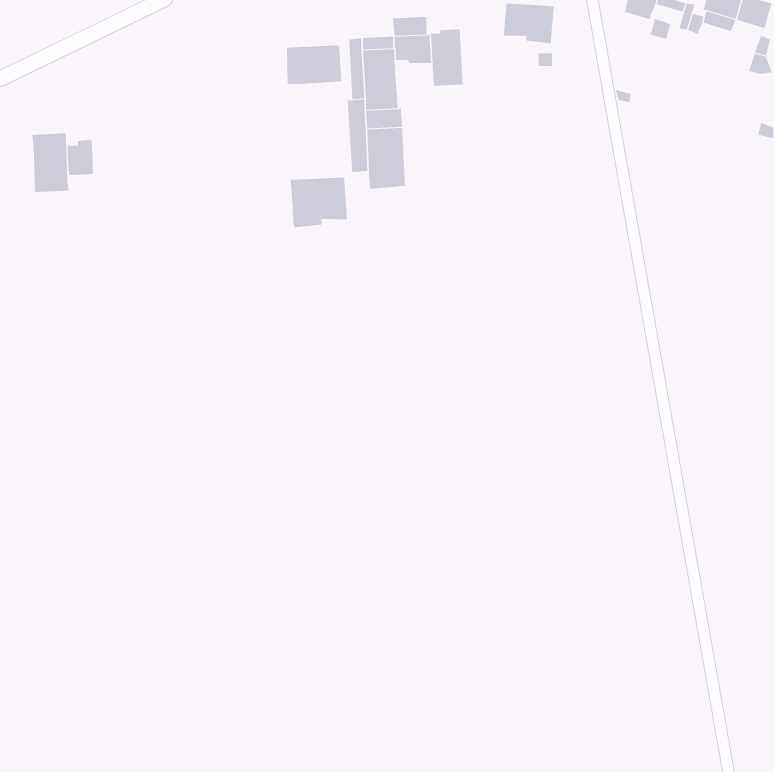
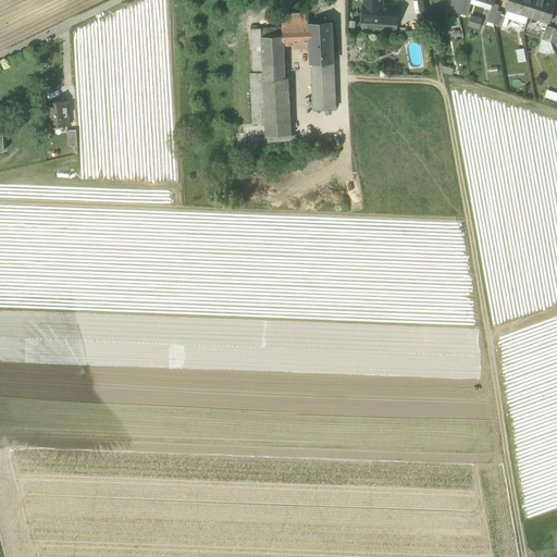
building: [286,45,342,85] -> none
building: none -> [311,61,335,110]
building: [32,133,69,193] -> none
building: [290,177,347,228] -> none

